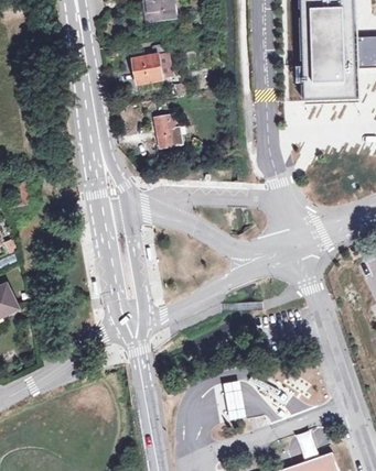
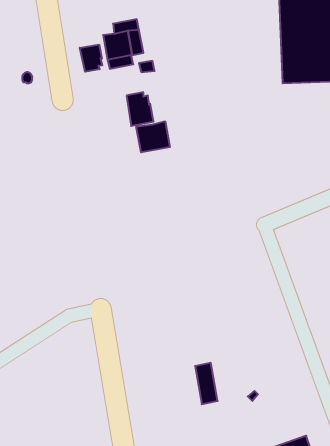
building: none -> [80,45,102,72]
building: none -> [136,121,170,152]

